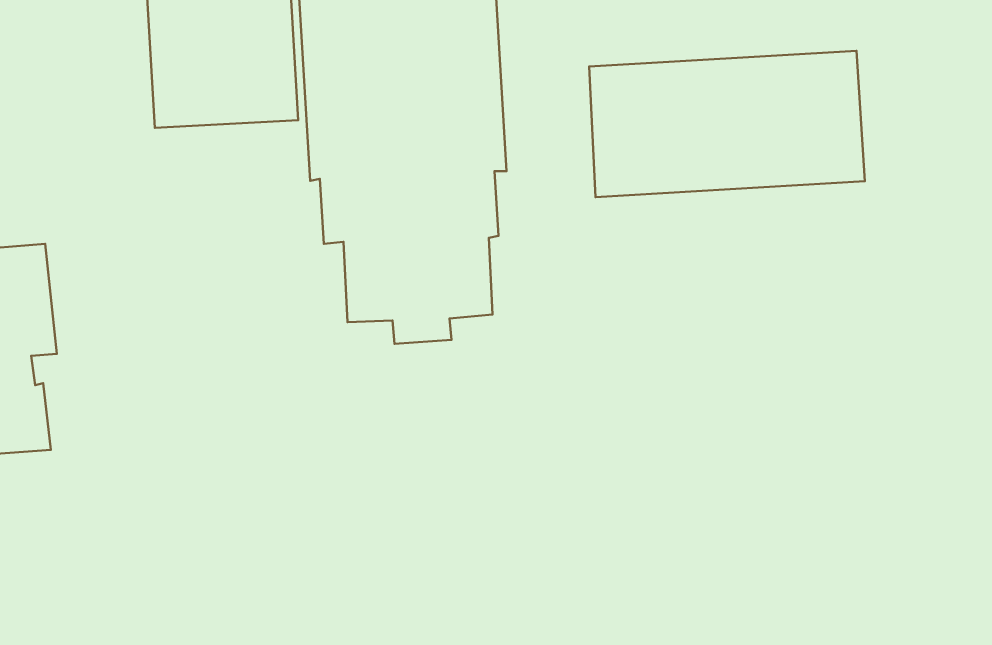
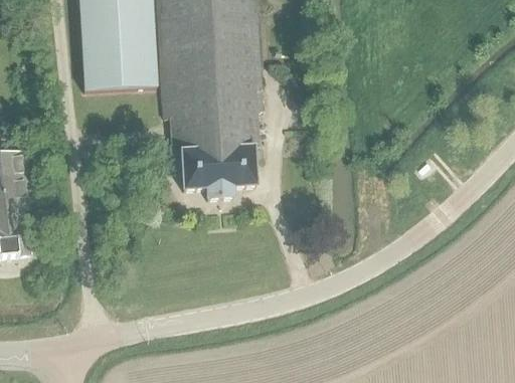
building: [589,51,865,197] -> none

